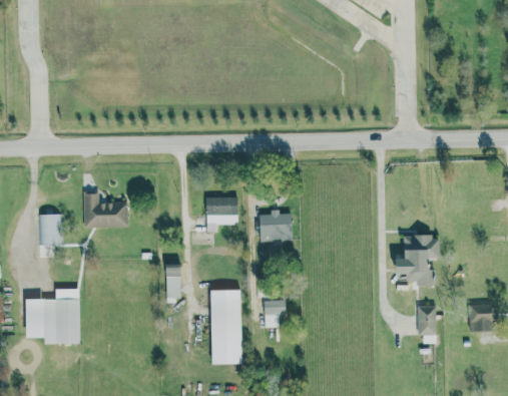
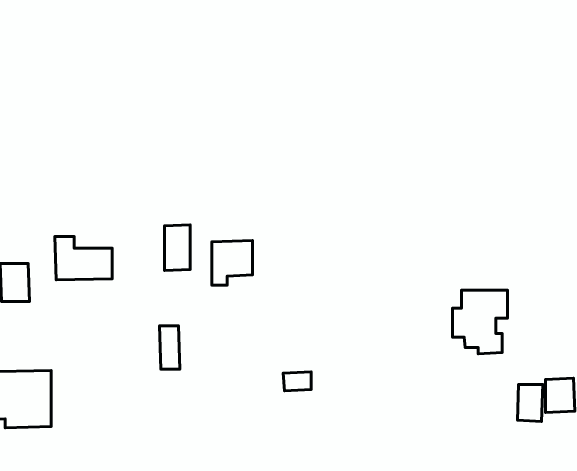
building: none -> [164,225,190,270]
building: [260,212,293,242] -> none
building: [210,290,242,364] -> none
building: [417,306,437,335] -> [517,384,543,421]

